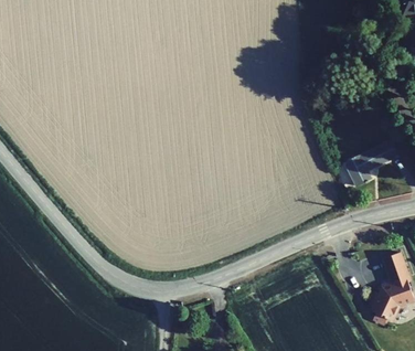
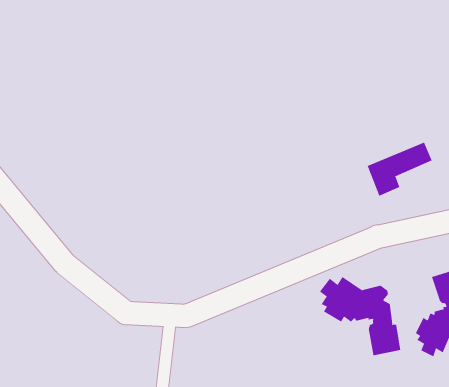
building: none -> [319,276,401,356]

